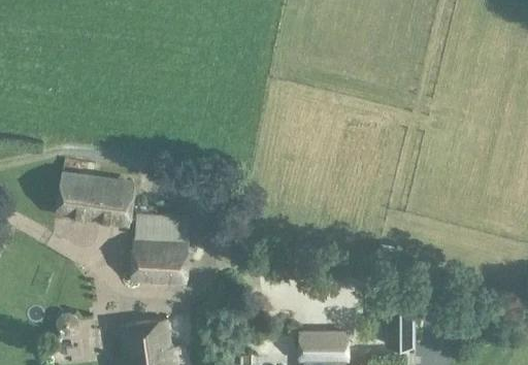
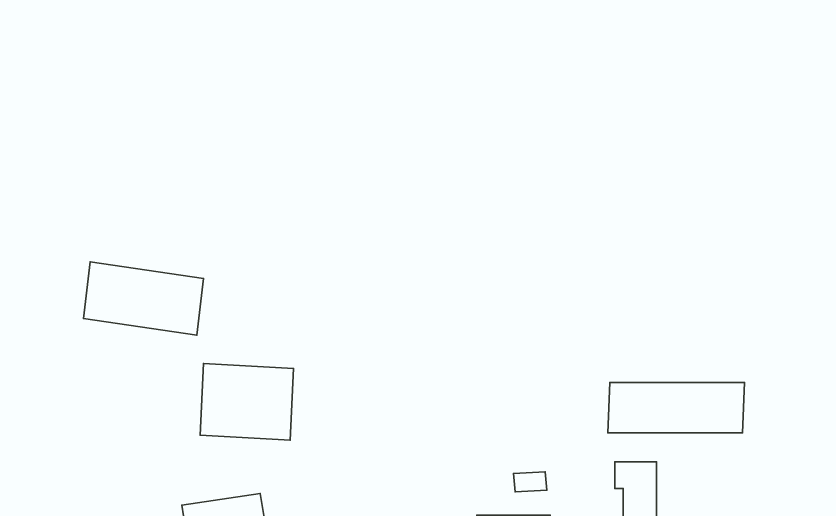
building: [134,211,189,238] -> none
building: none -> [608,382,744,433]

